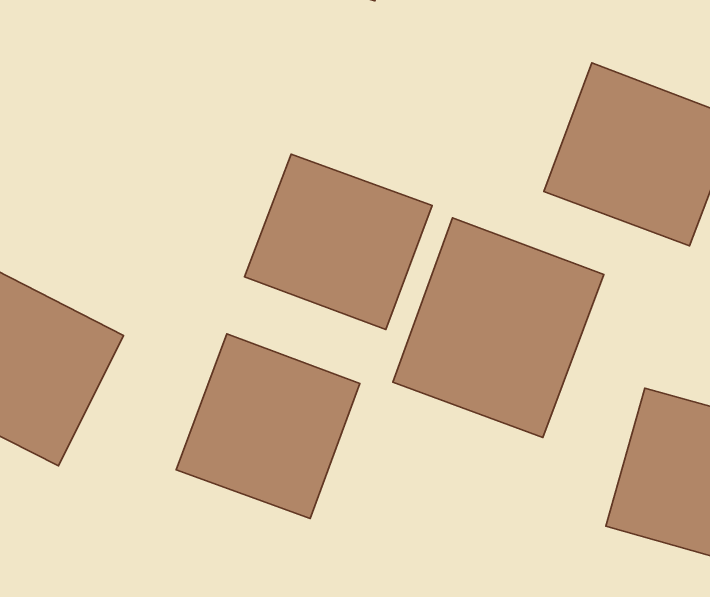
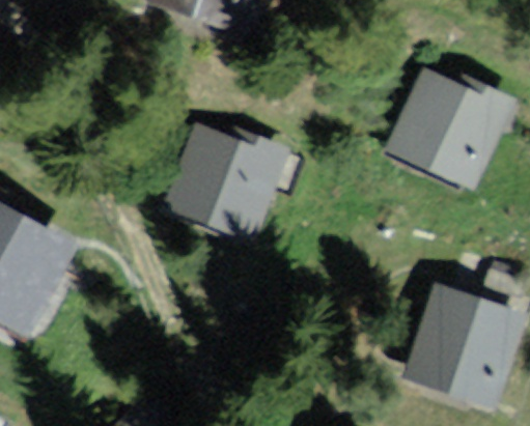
building: [393,218,604,438] -> none
building: [176,334,360,518] -> none

